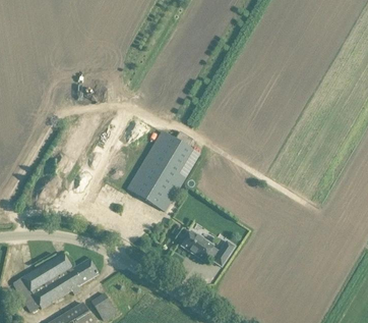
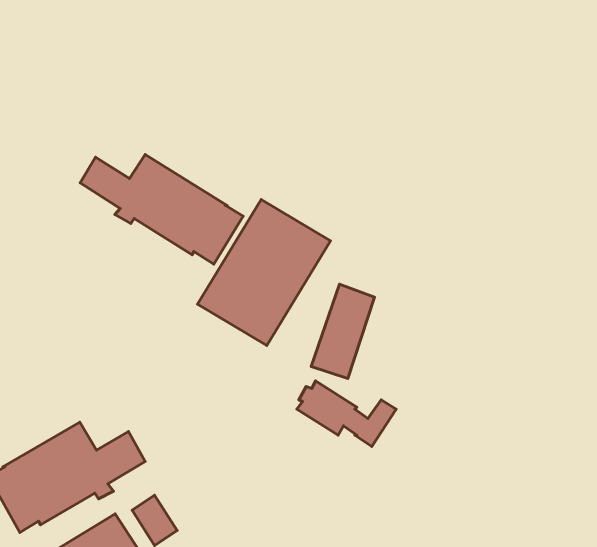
building: none -> [80,155,243,264]
building: none -> [311,284,375,379]

